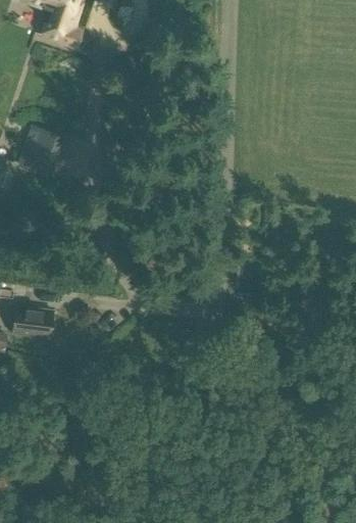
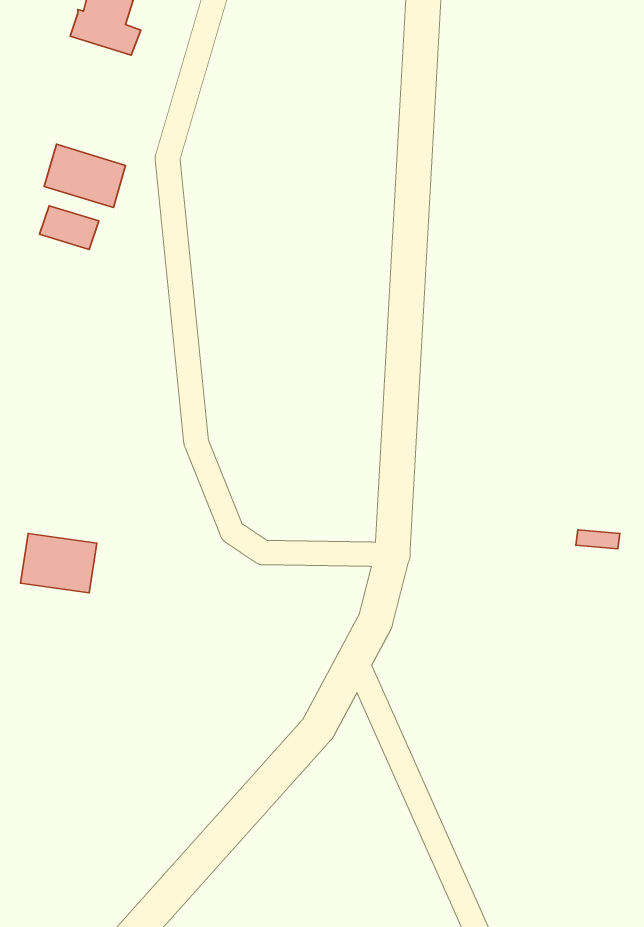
building: none -> [44,144,126,208]

